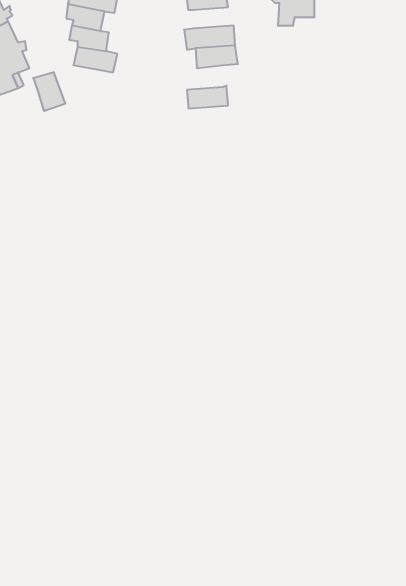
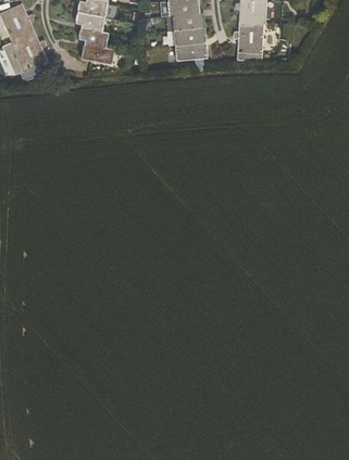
building: none -> [232,21,263,52]
building: [33,72,65,111] -> none
building: [187,86,228,108] -> [172,12,203,29]

